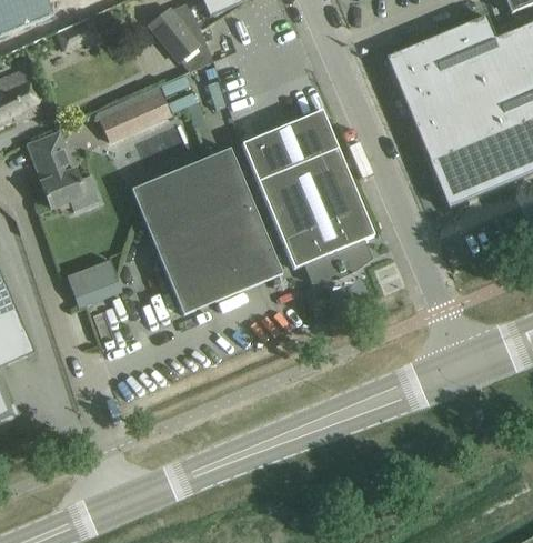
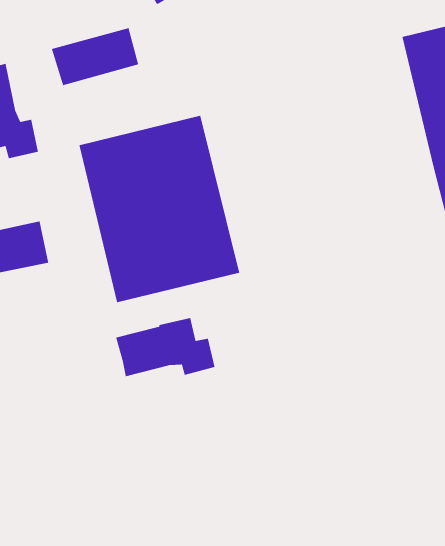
building: [241,109,374,281] -> none
building: none -> [115,317,215,377]

